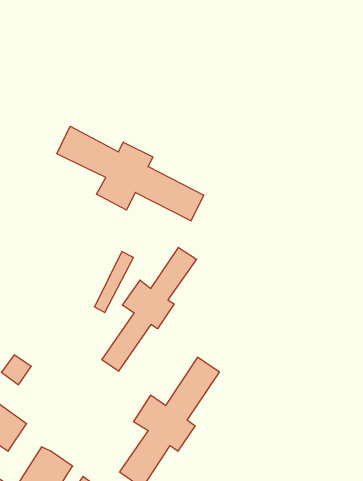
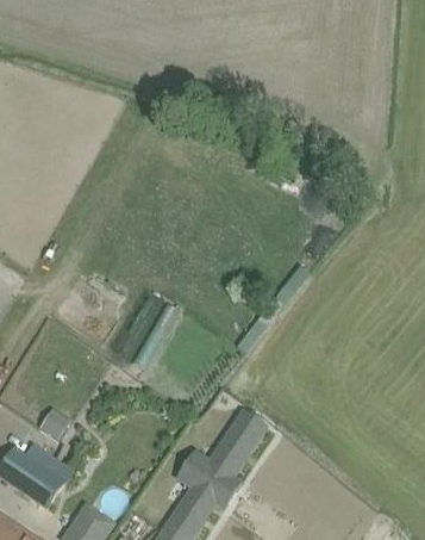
building: [57,126,204,221] -> none
building: [102,247,197,371] -> none

